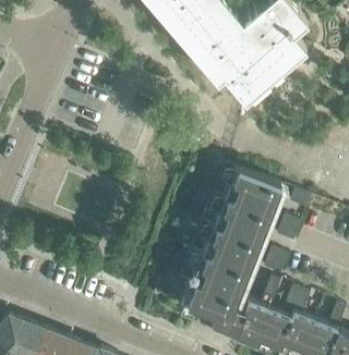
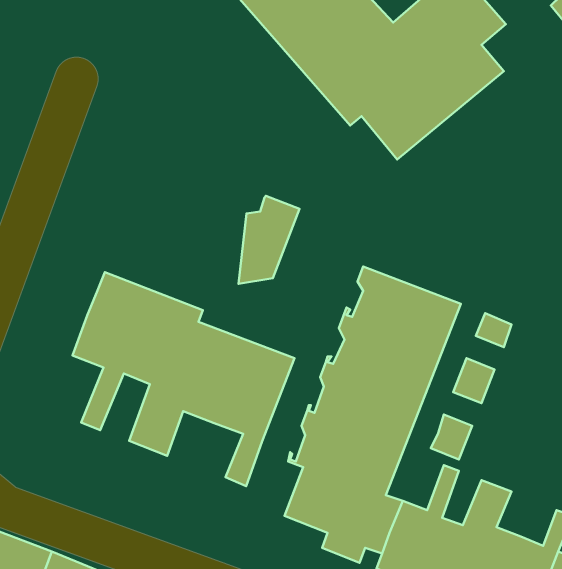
building: none -> [239,196,300,284]
building: none -> [73,272,294,486]

